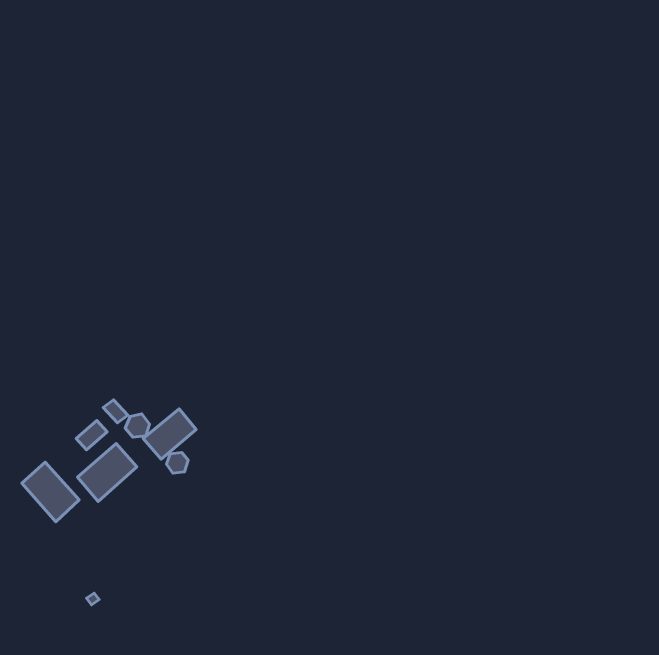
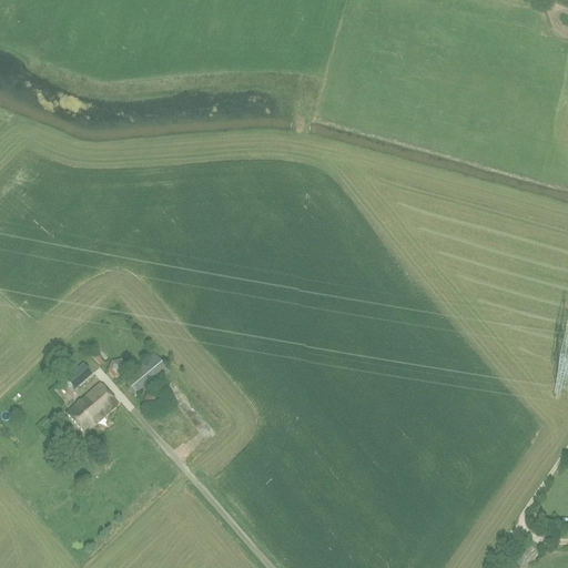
building: [22,462,79,522] -> none

